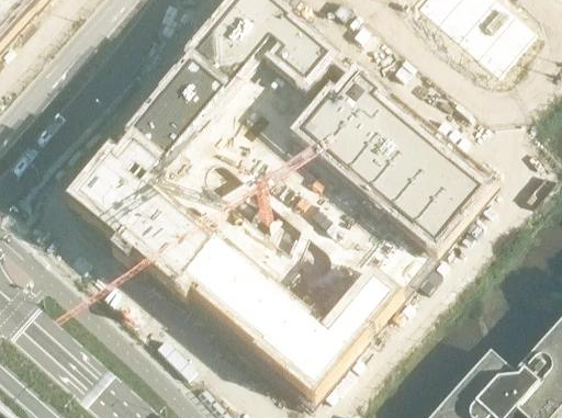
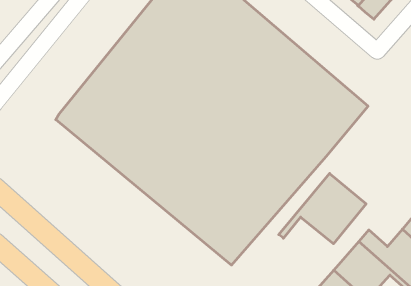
building: none -> [279,173,366,244]

